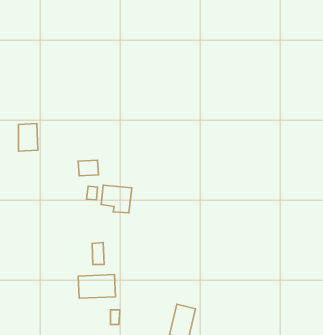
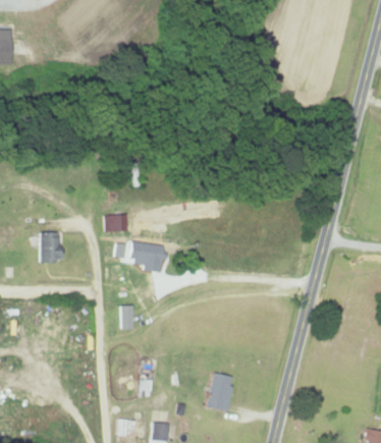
building: [19,124,38,151] -> [40,231,61,262]
building: [78,275,115,298] -> none

